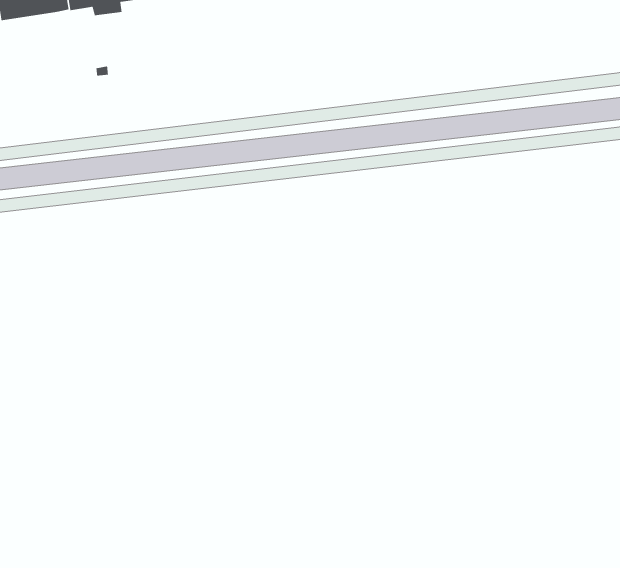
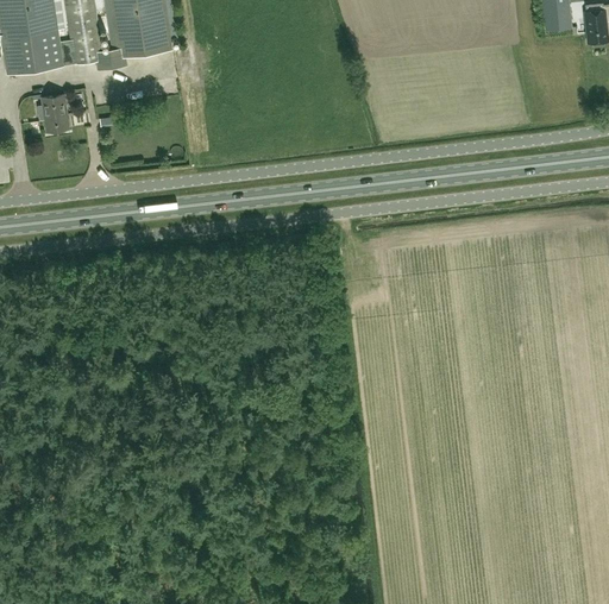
building: none -> [42,93,69,131]

